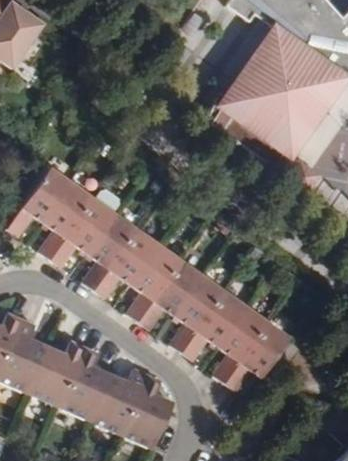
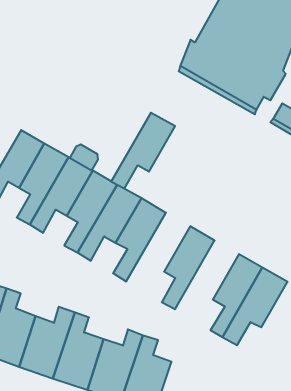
building: [137,259,203,329] -> [111,113,175,189]
building: [181,290,247,361] -> none

